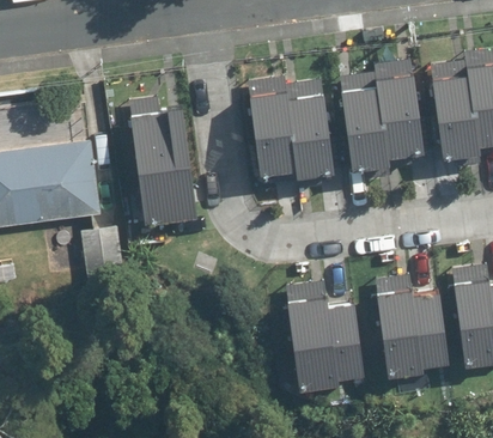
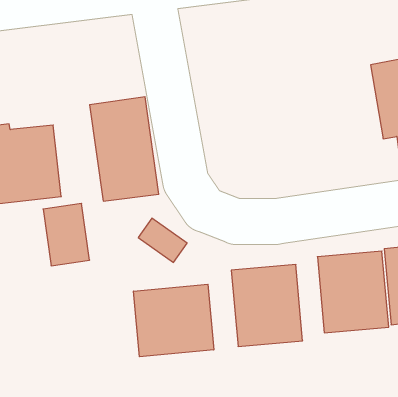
building: [335,79,424,178] -> none
building: [243,92,333,187] -> none
building: none -> [134,284,214,357]

